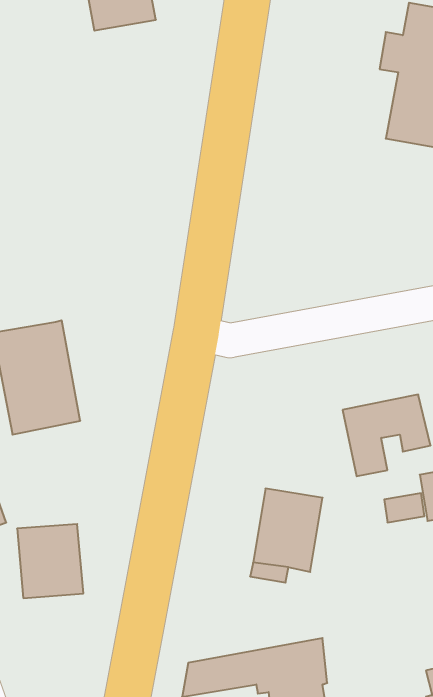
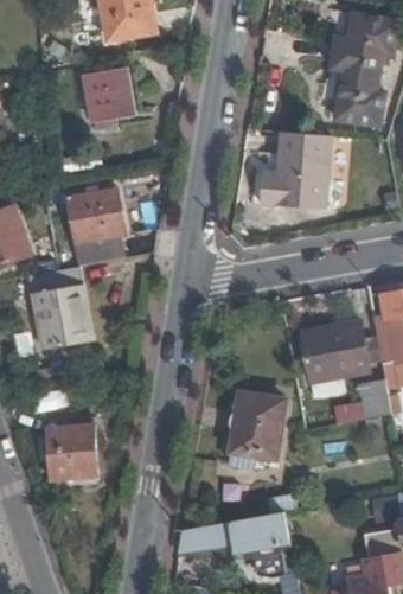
building: none -> [82,69,133,122]
building: none -> [260,130,332,209]
building: none -> [65,190,124,266]

